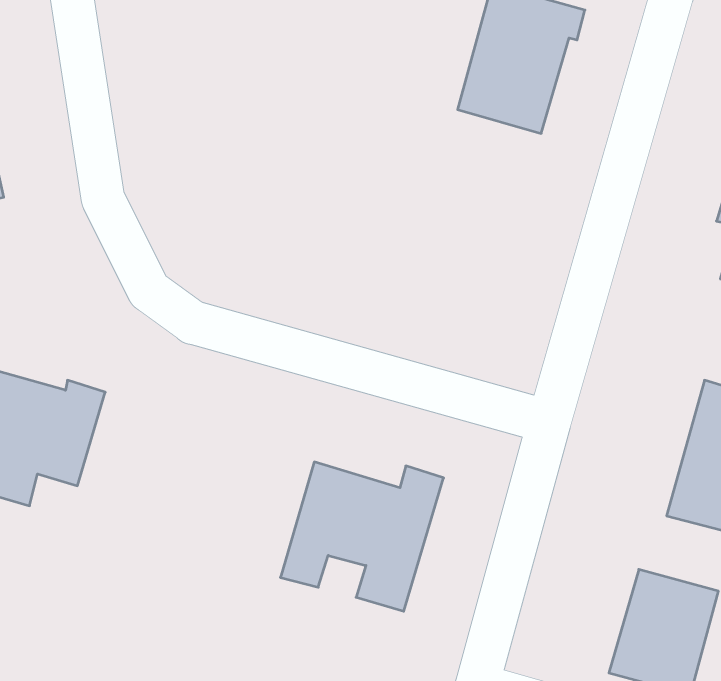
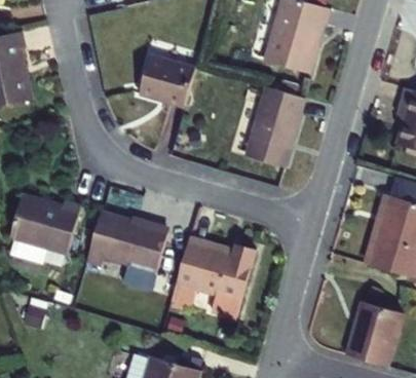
building: none -> [136,53,195,106]
building: none -> [243,86,304,167]
building: none -> [87,212,169,272]

